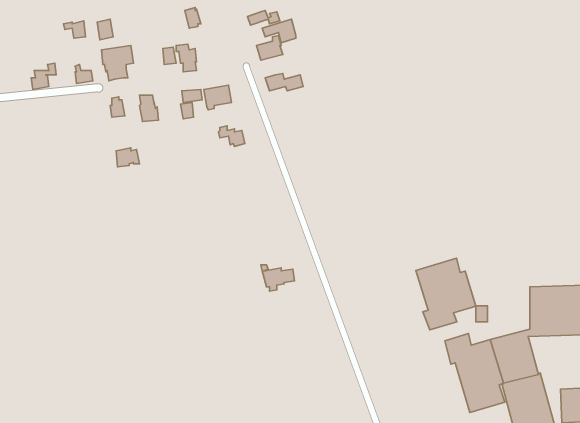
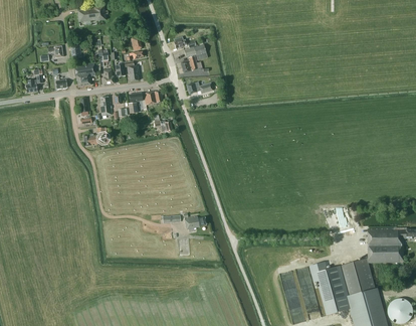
building: [416,258,476,330] -> none

